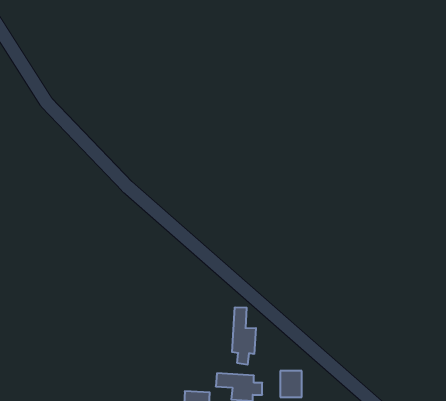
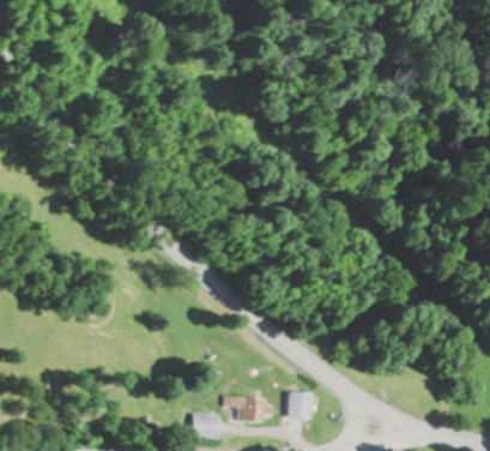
building: [232,307,256,365] -> none

